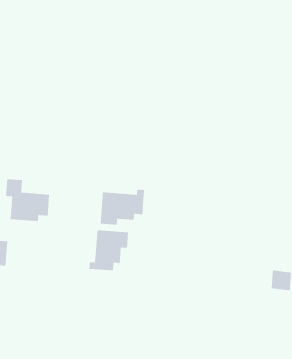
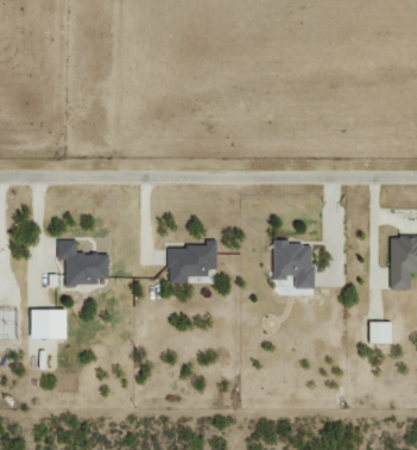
building: none -> [273,242,315,289]
building: [89,230,129,271] -> none

